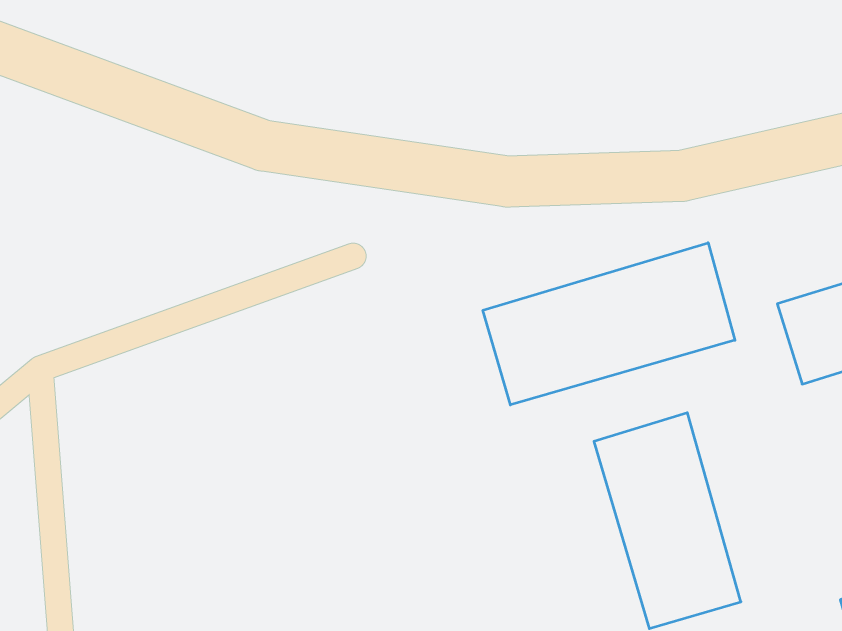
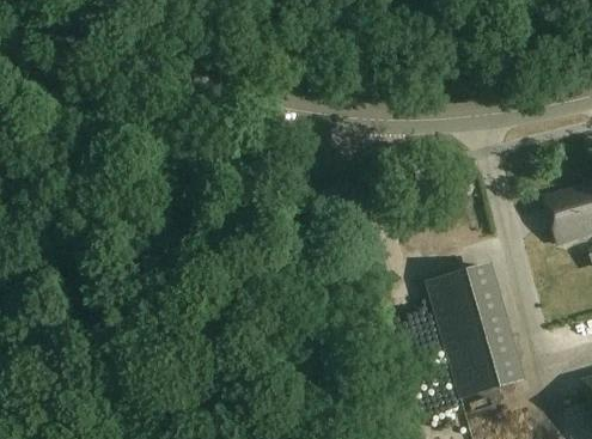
building: [483,243,735,405] -> none

